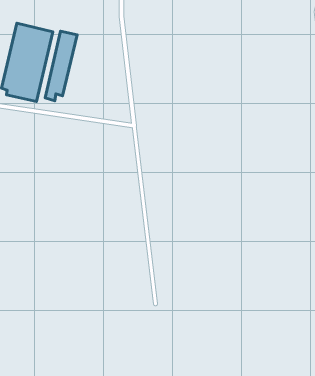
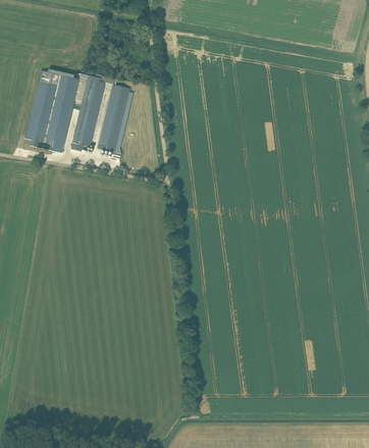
building: none -> [98,84,130,151]

